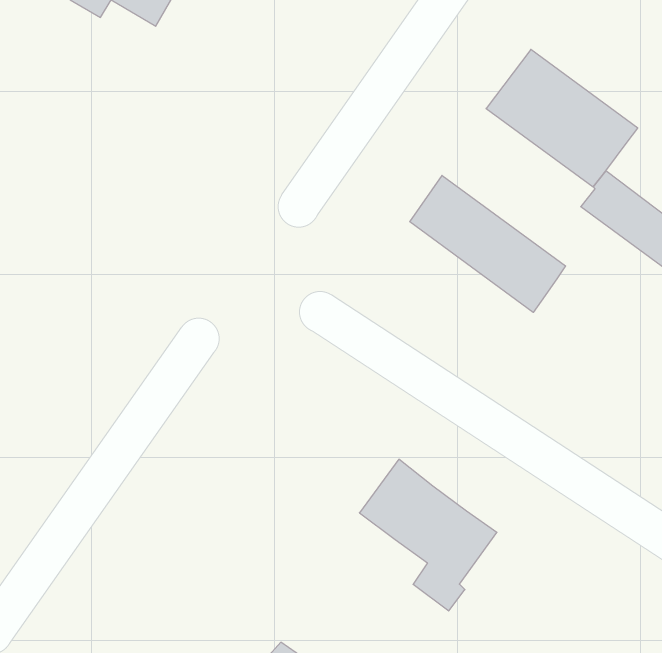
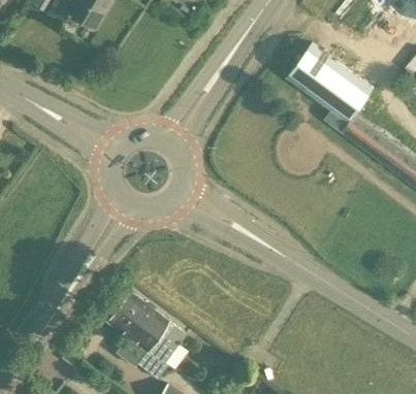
building: [410,175,566,312] -> none
building: [359,459,497,611] -> [104,290,184,377]

